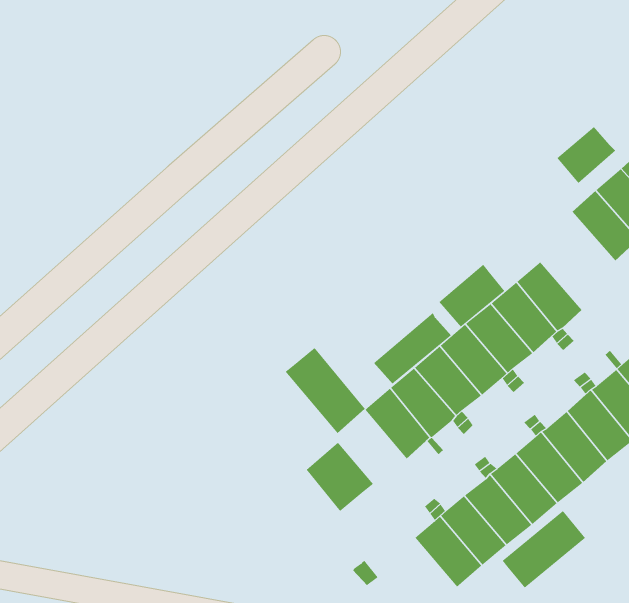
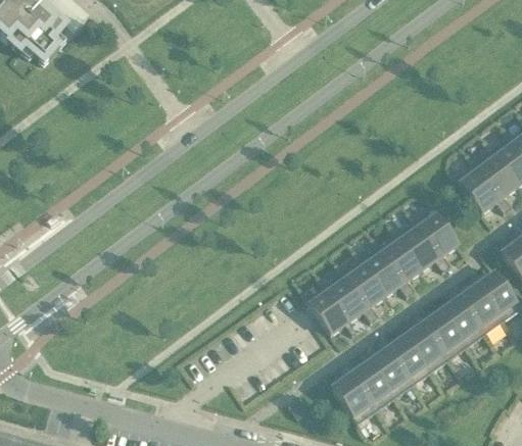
building: [556,126,616,184] -> none
building: [438,264,505,328] -> none
building: [373,312,452,385] -> none
building: [285,347,366,434] -> none
building: [306,442,374,512] -> none
building: [502,510,586,589] -> none

